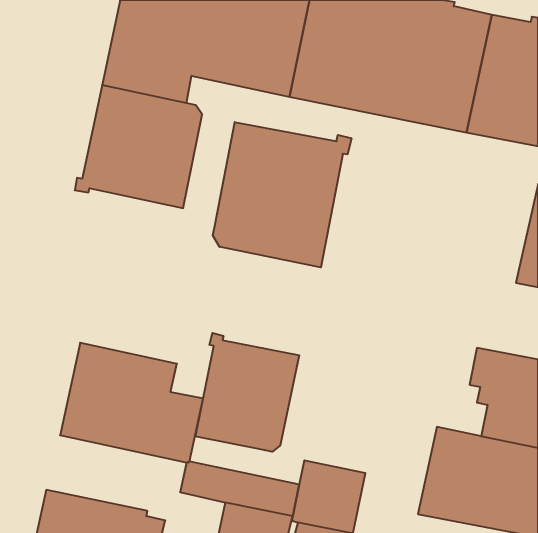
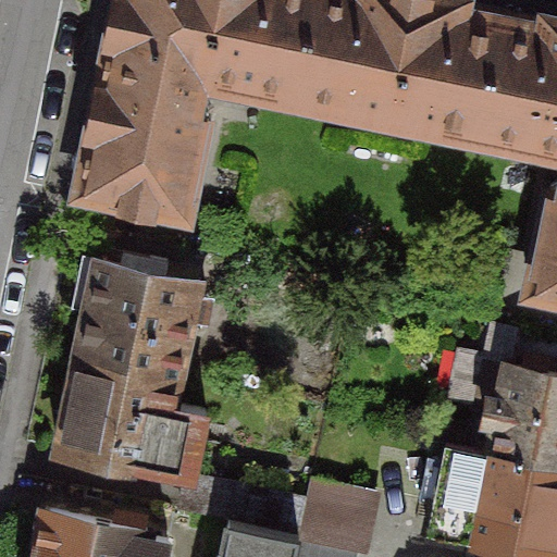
building: [213,122,351,267] -> none
building: none -> [83,267,213,381]
building: [195,333,299,452] -> none

